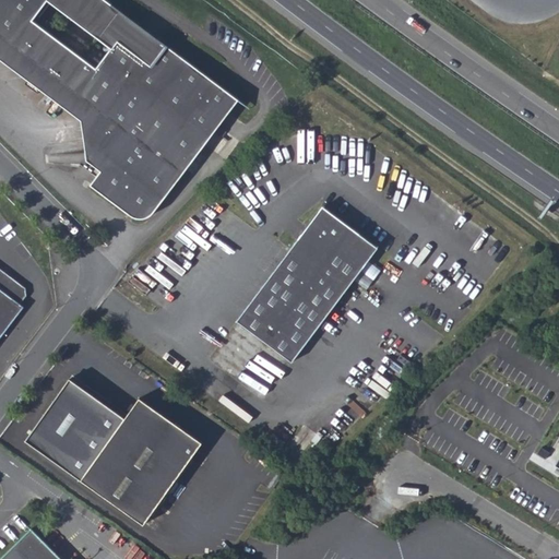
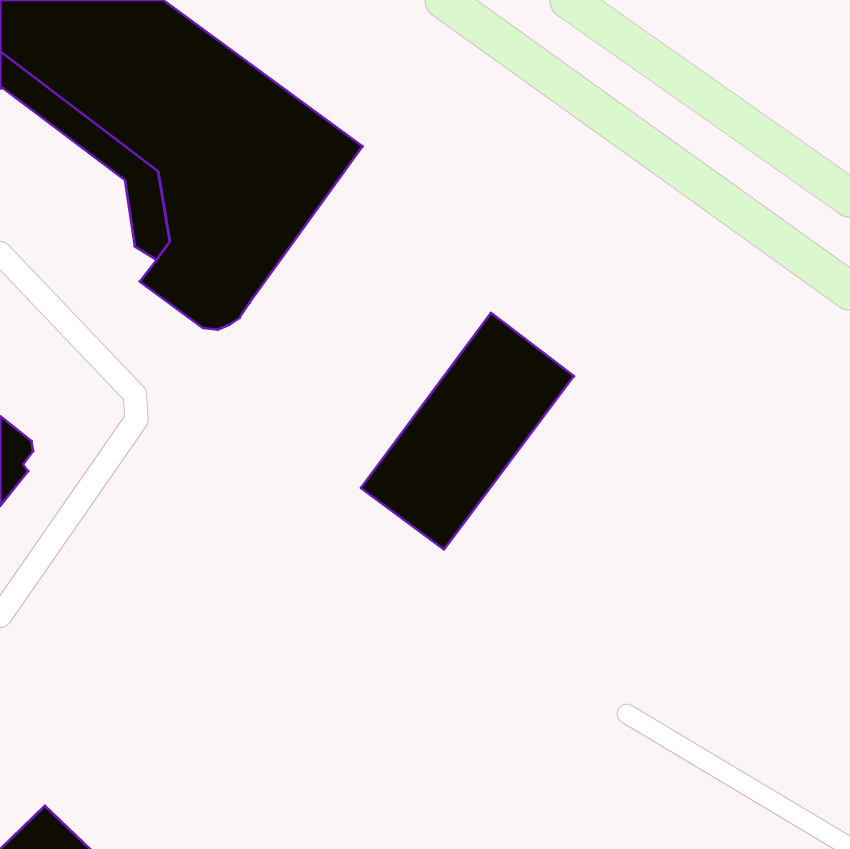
building: [23,379,200,525] -> none

